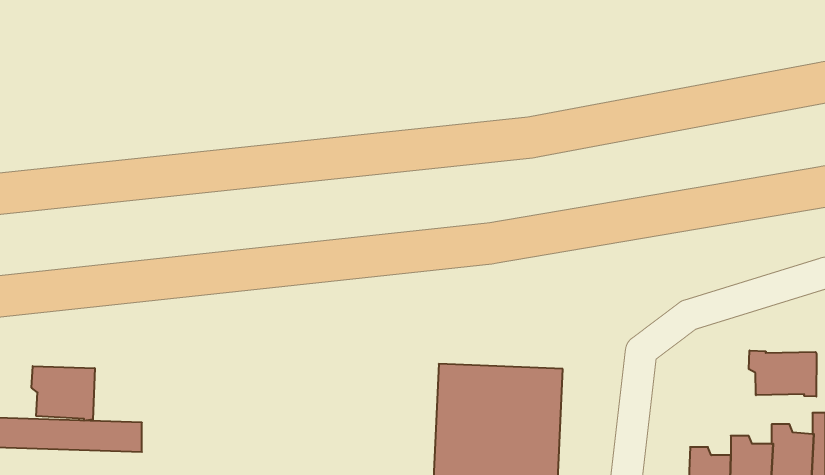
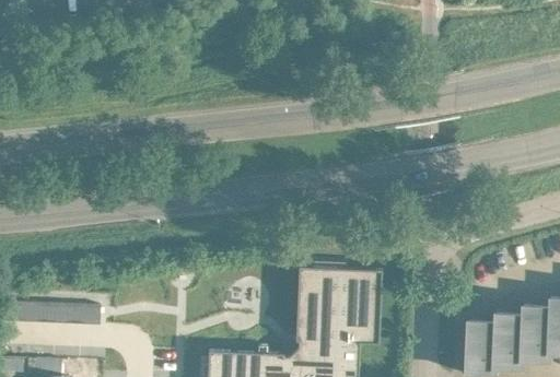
building: [749,350,817,397] -> none
building: [32,366,95,421] -> none

